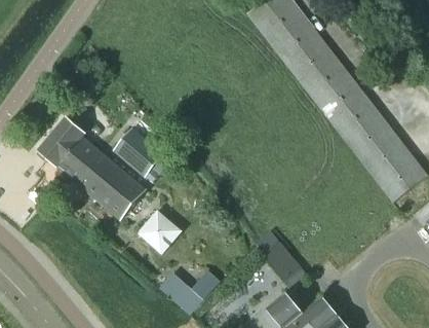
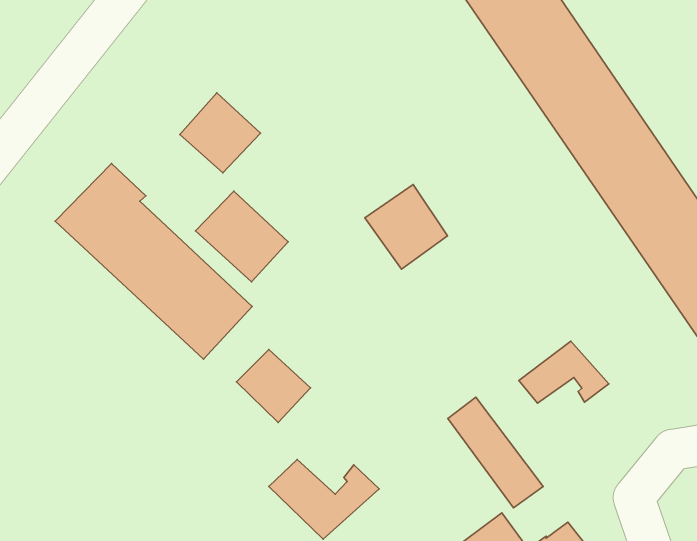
building: none -> [180,93,261,173]
building: none -> [365,185,448,269]
building: none -> [519,341,609,403]

